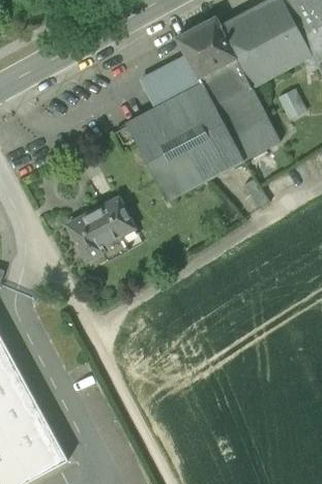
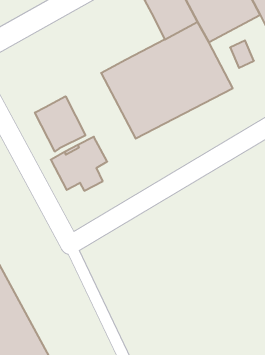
building: [139,54,201,109] -> none
building: none -> [35,96,85,152]

